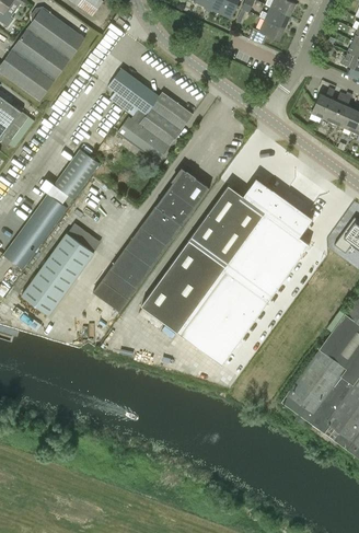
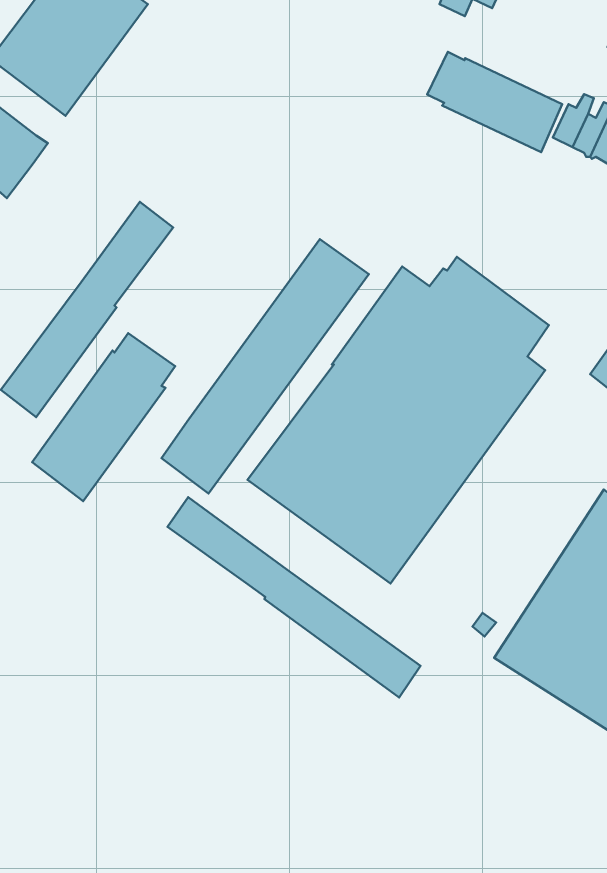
building: none -> [427,52,562,152]
building: [108,68,193,162] -> none
building: none -> [168,497,421,698]

